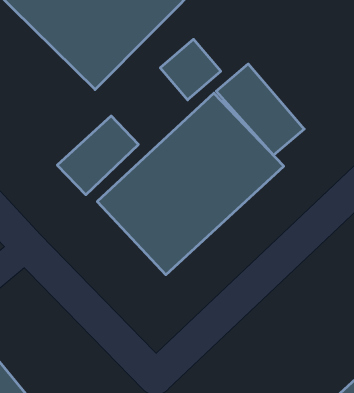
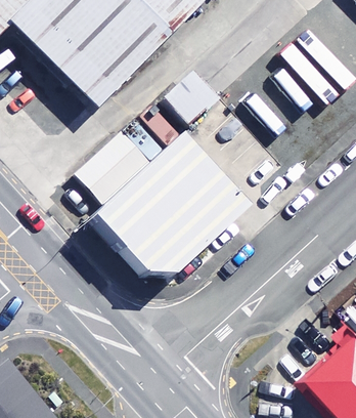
building: [216,64,304,155] -> none

